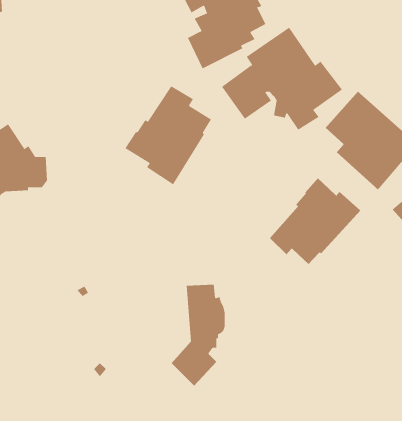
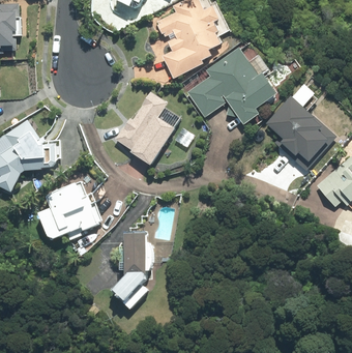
building: [269,177,361,265] -> none
building: none -> [37,178,97,237]
building: [171,284,226,386] -> [112,229,153,306]

